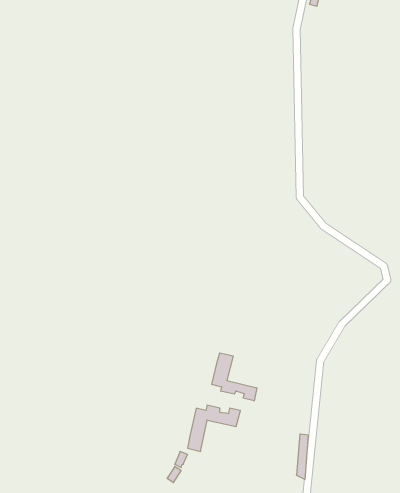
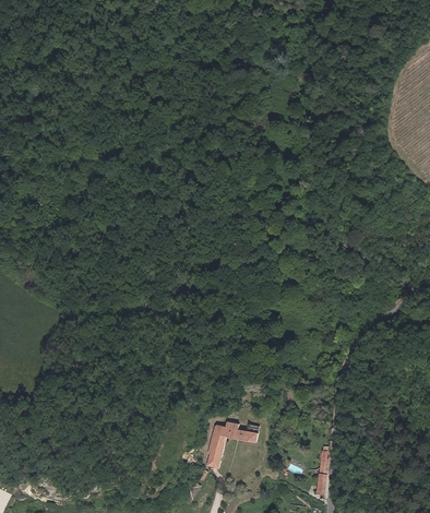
building: [212,353,257,401] -> none

